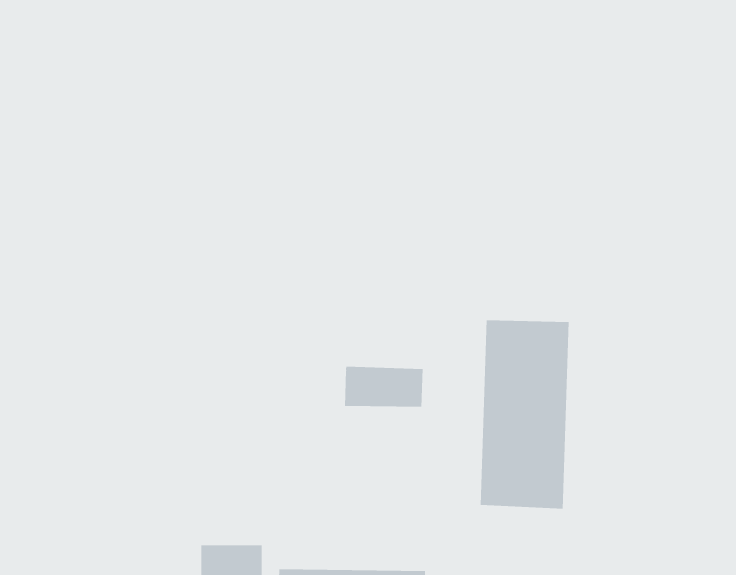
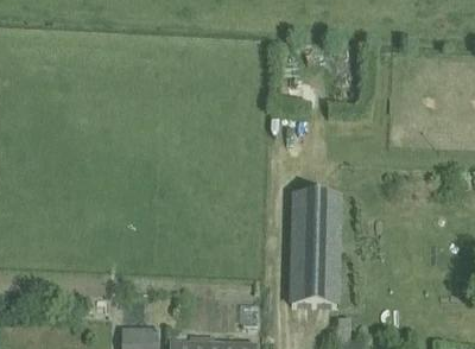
building: [344,366,423,407] -> none

